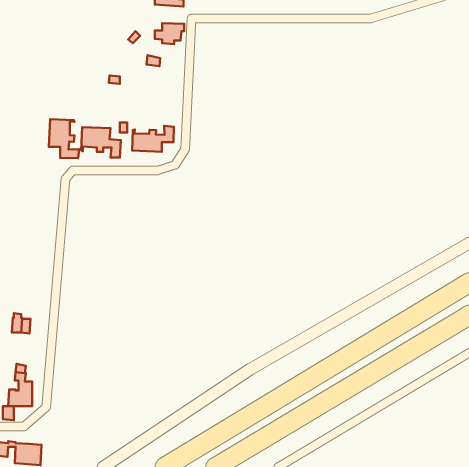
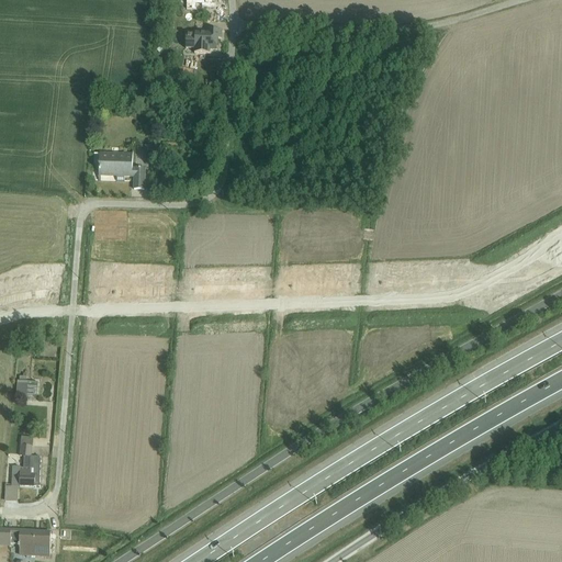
building: [49,119,79,158] -> none
building: [132,126,174,152] -> none

